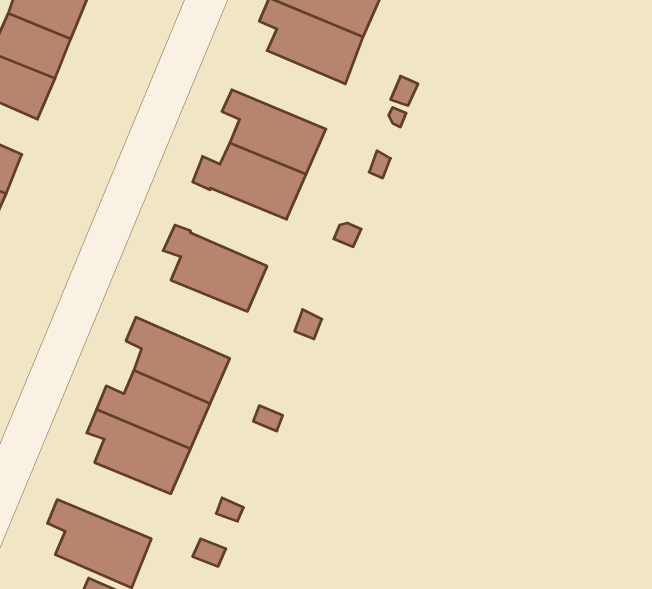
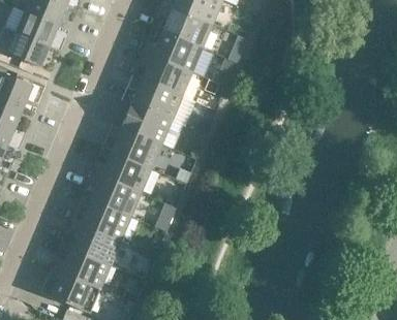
building: none -> [143,31,203,72]
building: none -> [113,100,172,145]
building: none -> [92,152,151,193]
building: none -> [51,248,111,288]

